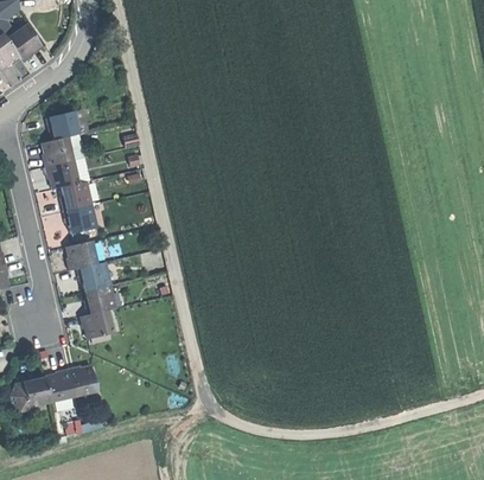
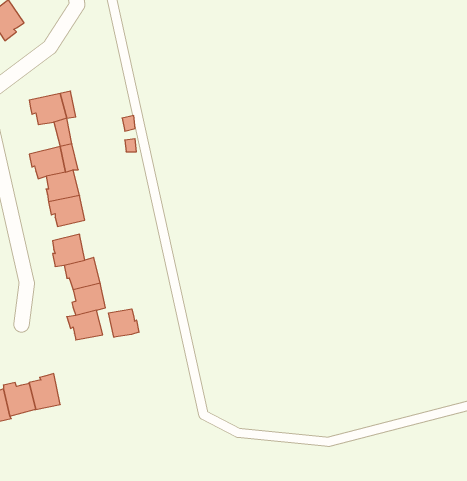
building: [42,137,74,167] -> none
building: none -> [109,309,139,337]
building: [68,366,97,397] -> none

